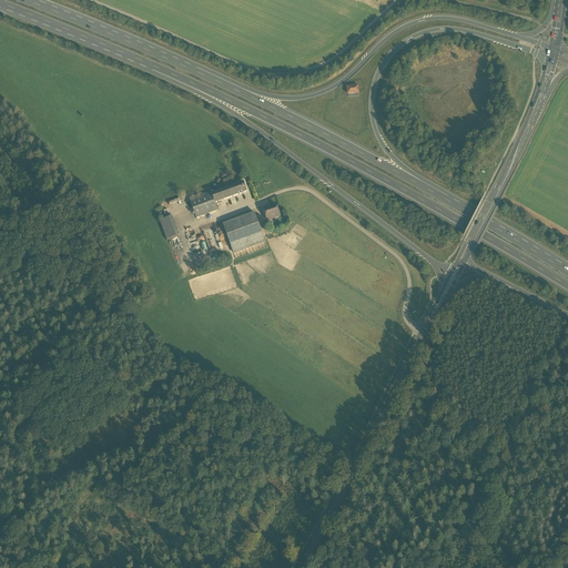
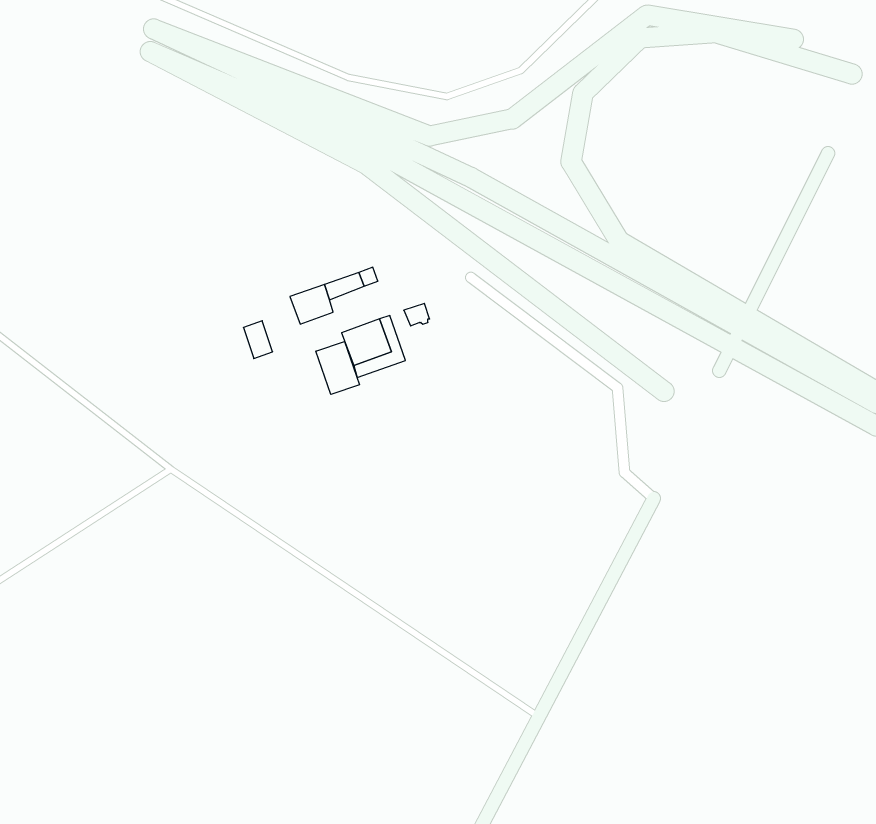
building: none -> [316,341,360,394]

